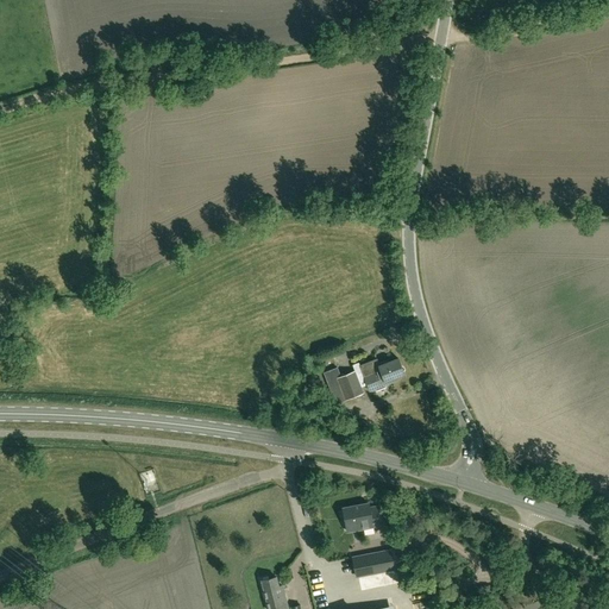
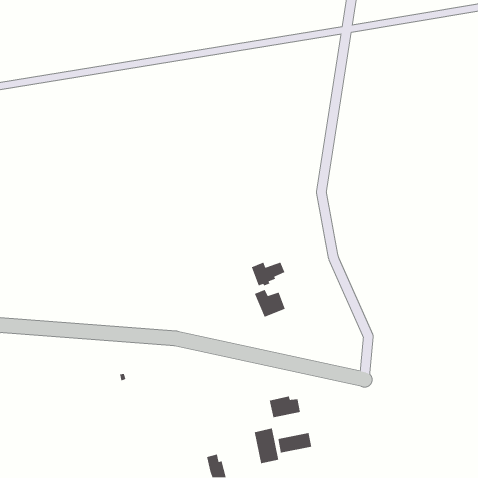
building: [359,358,403,390] -> [251,261,285,287]
building: none -> [254,428,279,464]

